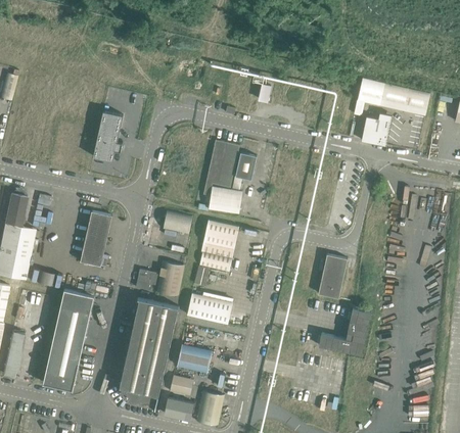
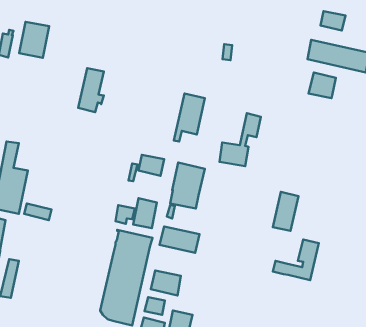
building: none -> [320,11,345,31]
building: none -> [19,22,49,58]
building: [209,152,257,213] -> [219,113,261,166]
building: [80,210,112,266] -> none
building: [43,289,93,389] -> none

